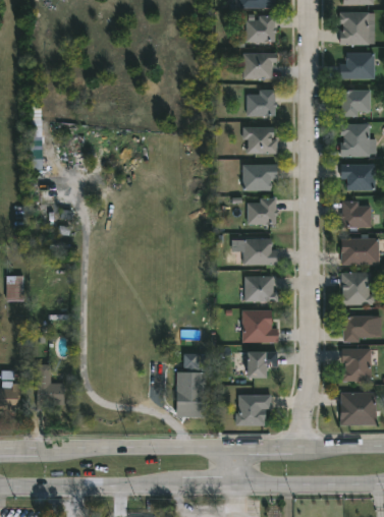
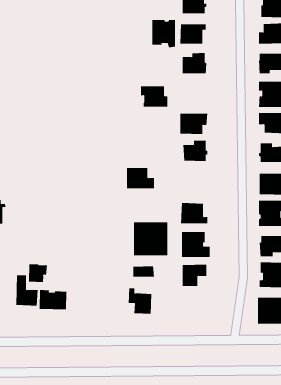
building: none -> [152,19,175,48]
building: [243,127,278,154] -> [140,86,168,107]
building: [242,238,278,265] -> [126,168,155,189]
building: none -> [133,222,168,256]
building: none -> [28,263,48,283]
building: none -> [39,289,67,310]
building: [235,395,271,425] -> none

